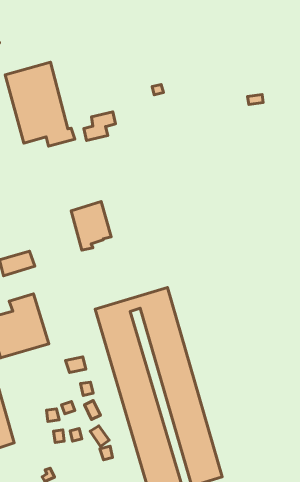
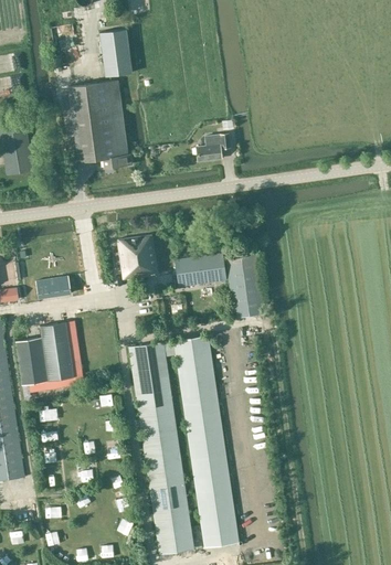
building: none -> [99,30,133,77]
building: [84,112,116,141] -> [197,135,231,161]
building: none -> [176,248,265,319]

